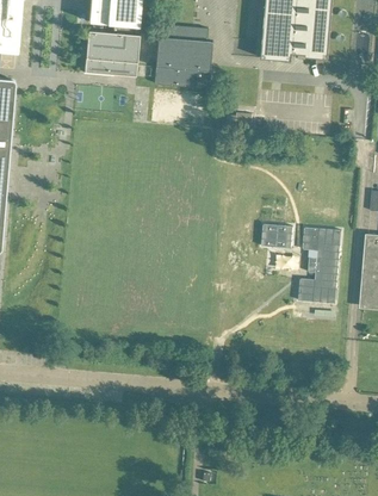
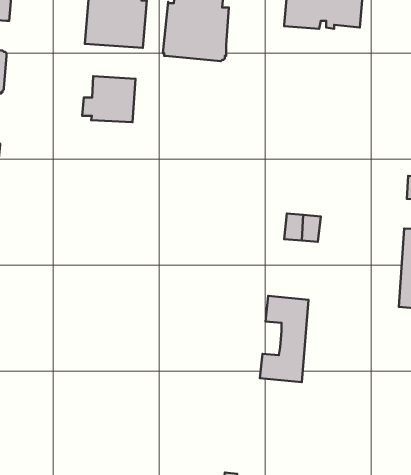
building: none -> [82,76,135,122]
building: [297,227,340,303] -> [260,296,308,382]

